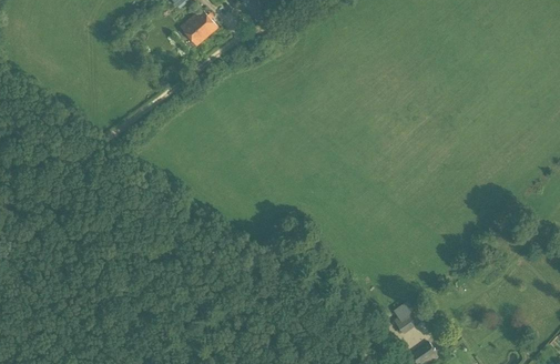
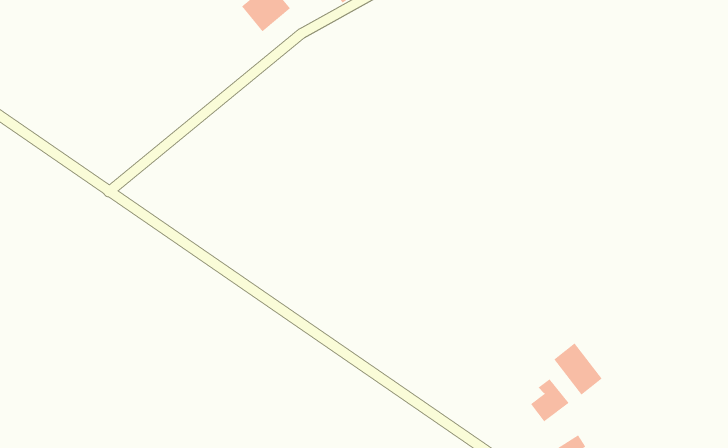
building: none -> [553,342,602,396]

